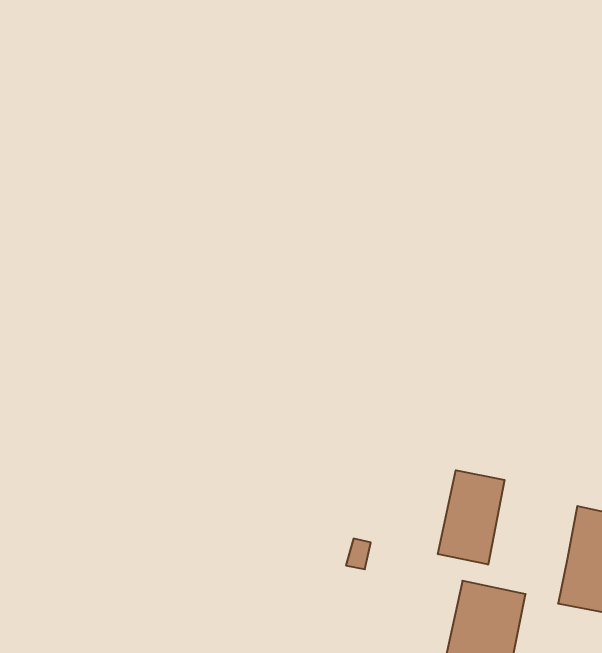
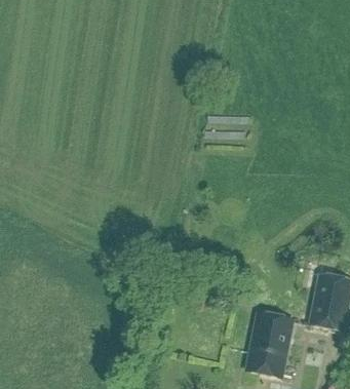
building: [438,470,505,565] -> none

